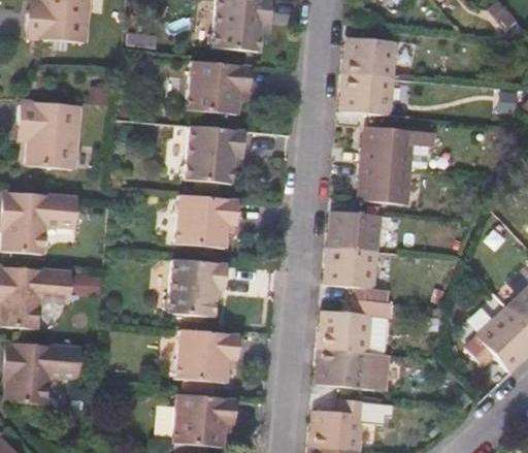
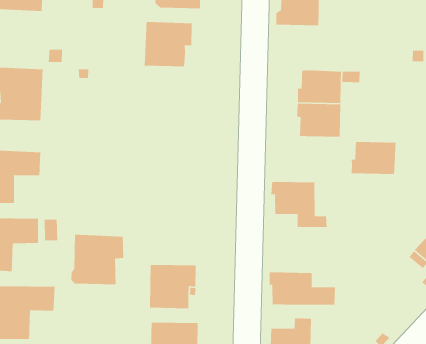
building: [340,74,390,115] -> none
building: [182,126,243,185] -> none
building: [180,195,237,248] -> none
building: [326,211,378,251] -> [351,141,396,175]
building: [165,258,227,318] -> [70,234,124,285]
building: [317,300,391,353] -> none

